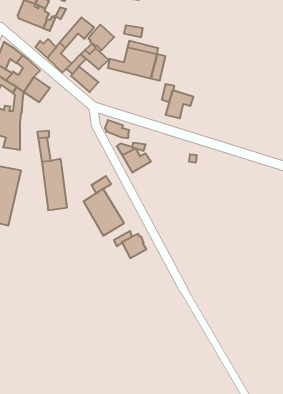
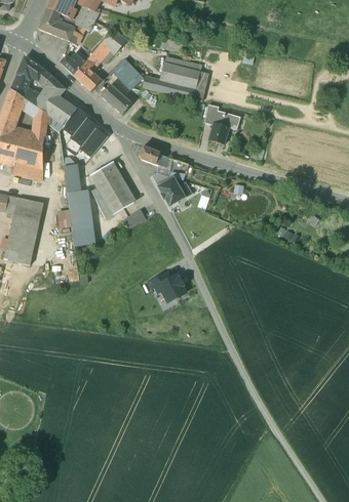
building: [88,25,114,51] -> none
building: none -> [64,108,108,156]
building: [83,189,124,236] -> [90,161,137,214]

